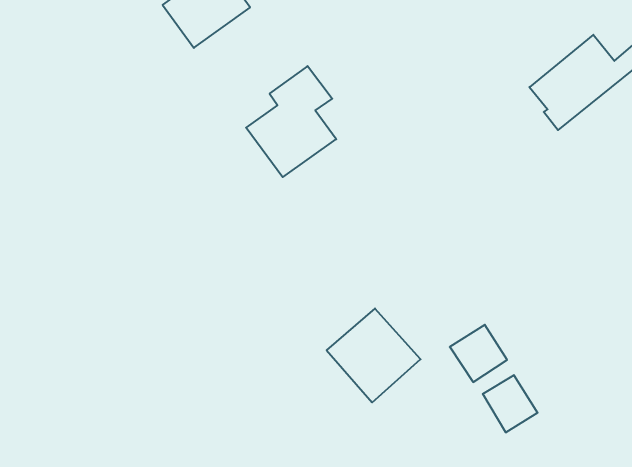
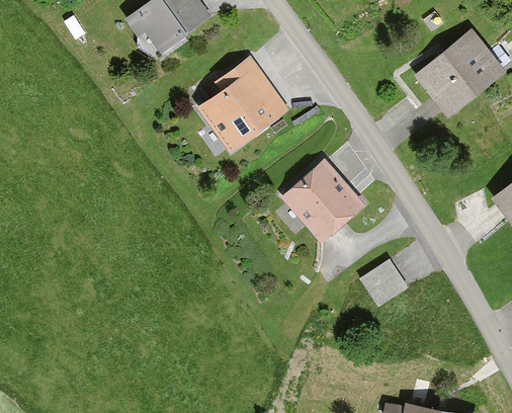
building: [327,308,421,402] -> [286,163,359,236]
building: [483,375,538,433] -> none

